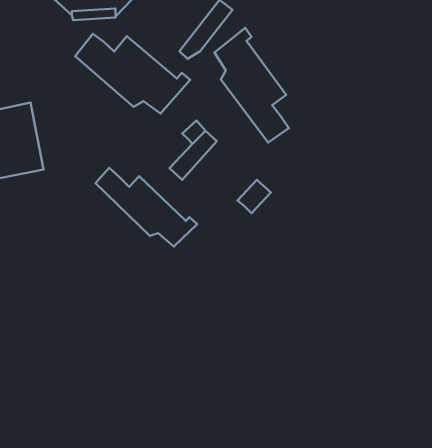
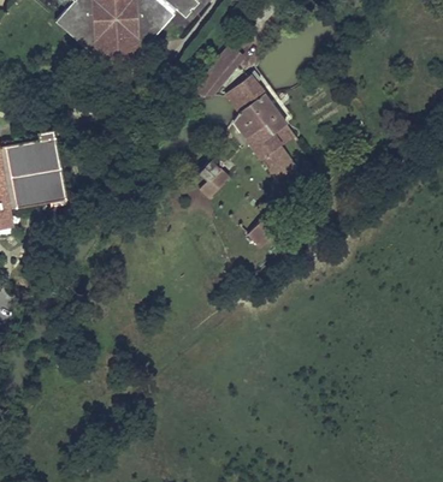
building: [75,34,190,113] -> none
building: [96,168,197,246] -> none

